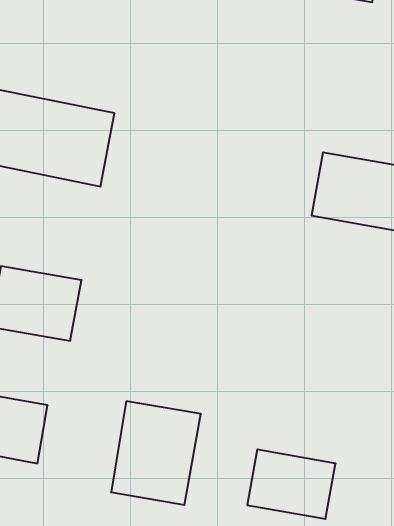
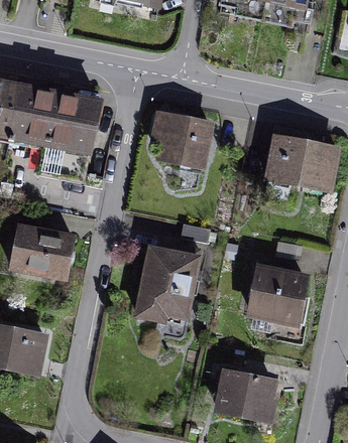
building: none -> [147,113,215,170]
building: none -> [246,254,312,318]
building: [111,401,201,505] -> [132,244,204,326]

